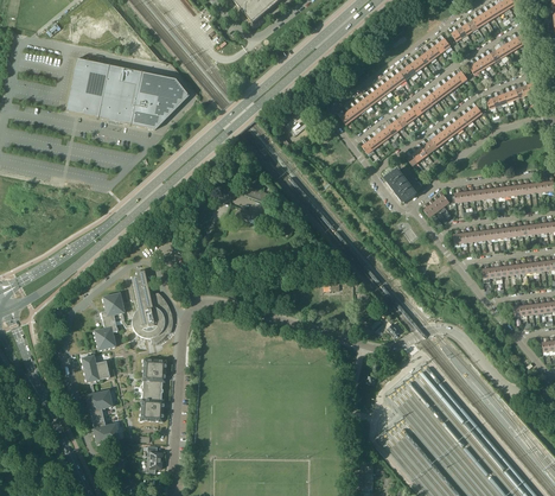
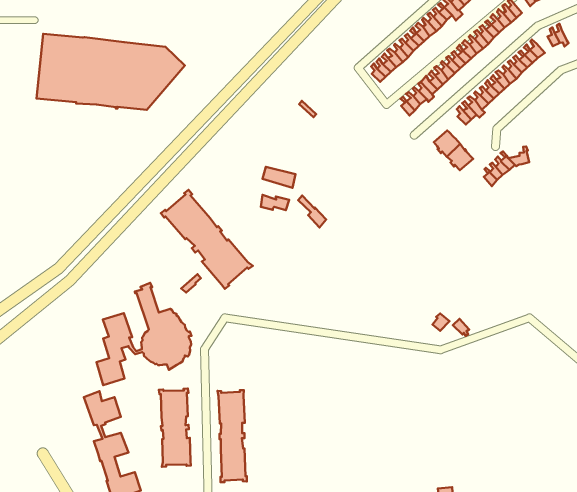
building: none -> [161,190,253,289]
building: none -> [217,390,247,482]

